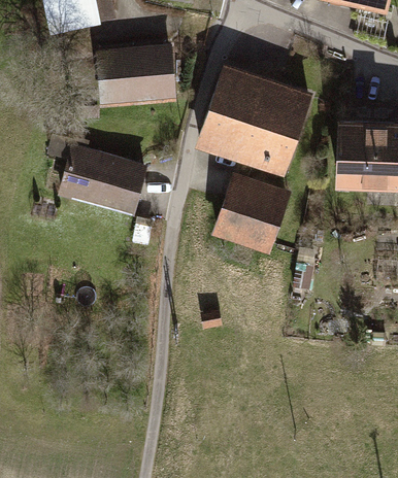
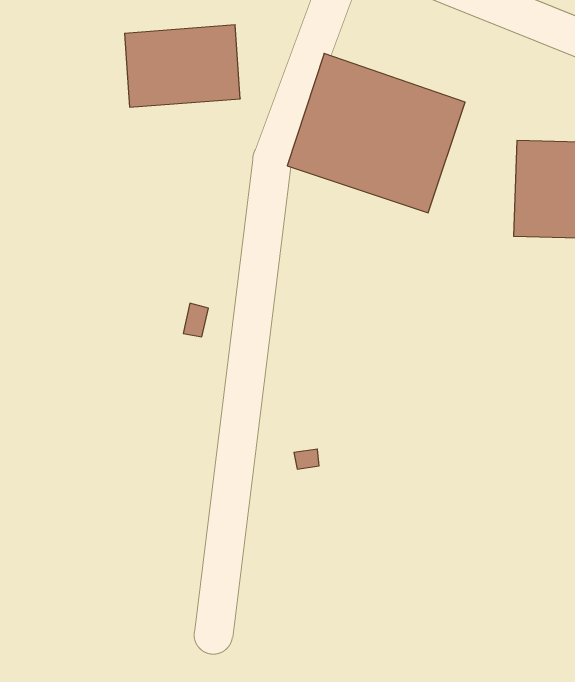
building: [62,148,145,211] -> none
building: [218,180,288,245] -> none

